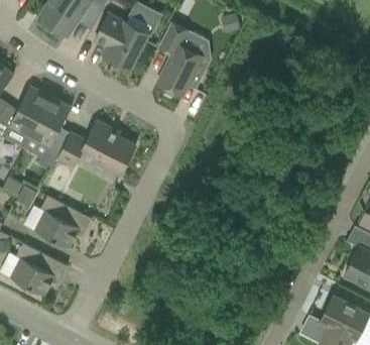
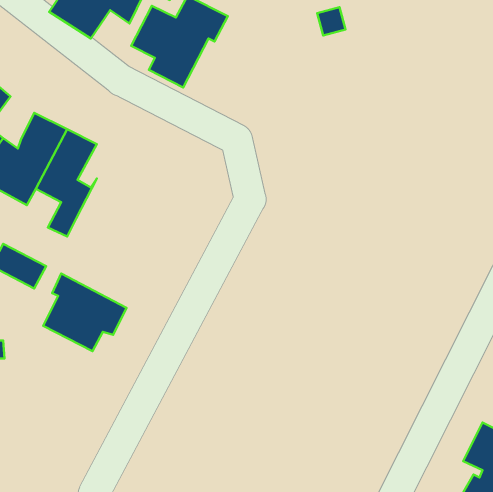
building: [156,23,203,97] -> none
building: [56,122,135,176] -> none
building: [9,243,67,296] -> none

